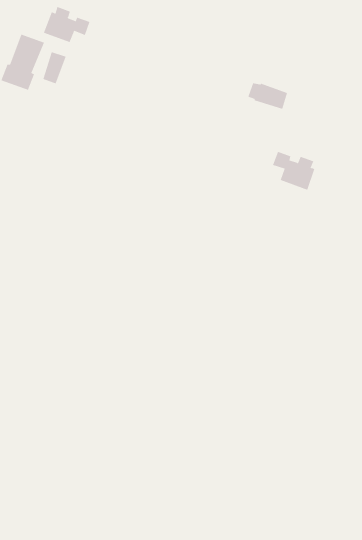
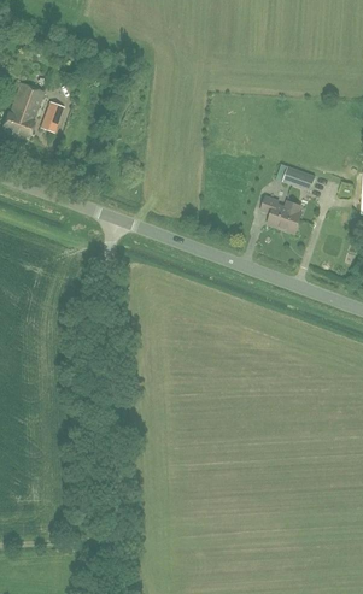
building: [43,6,90,43] -> none
building: [247,83,288,109] -> [276,165,315,190]

